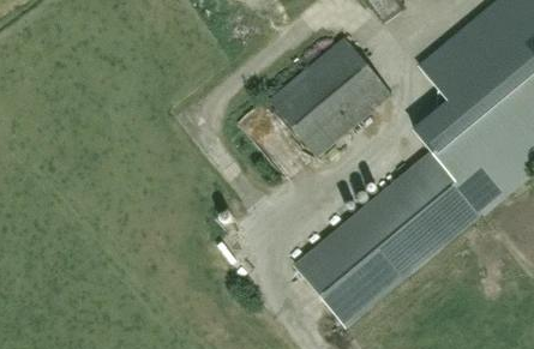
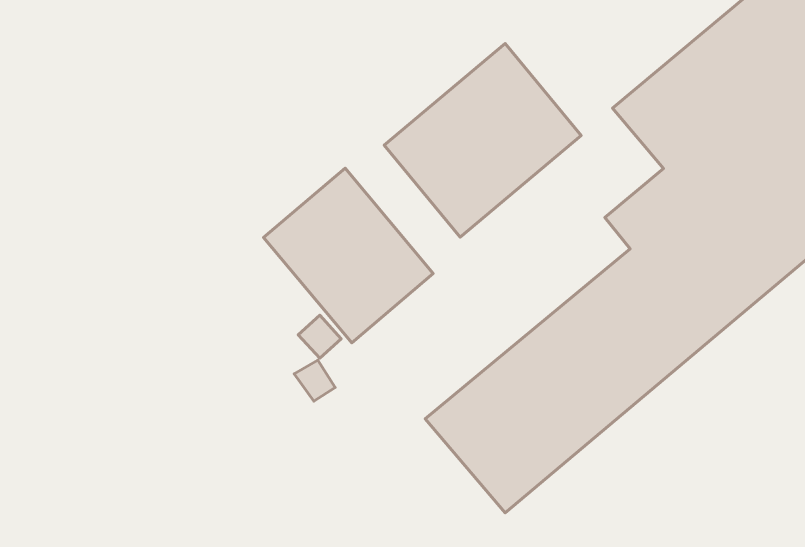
building: none -> [264,168,433,343]

